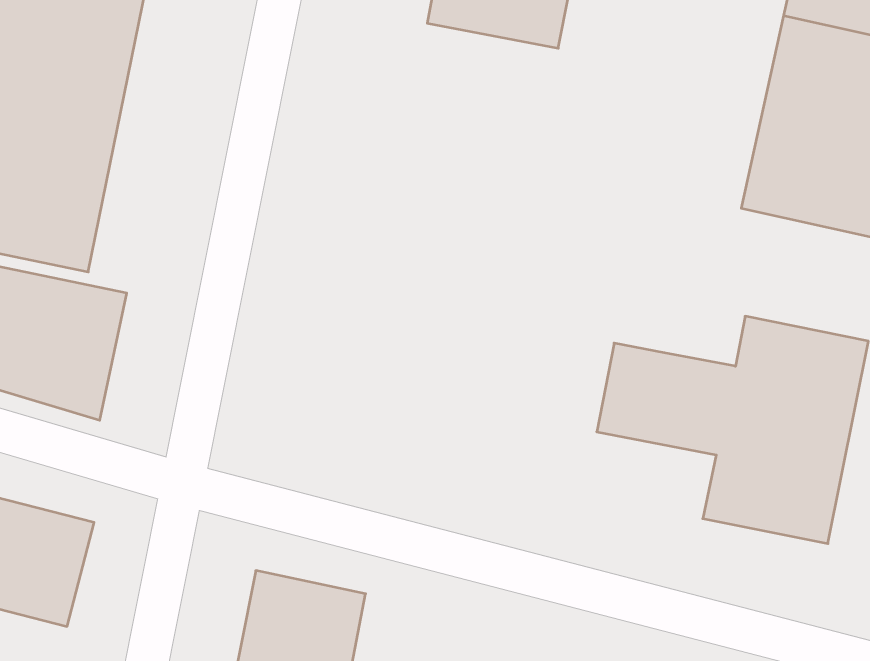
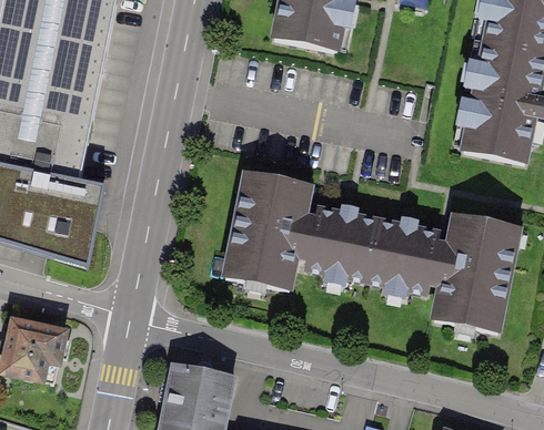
building: none -> [223,168,377,293]

